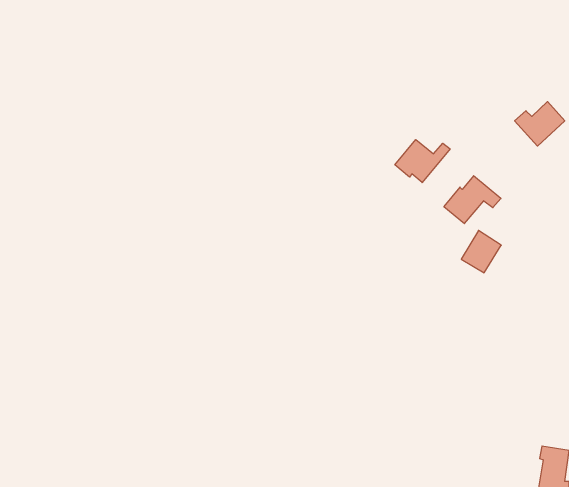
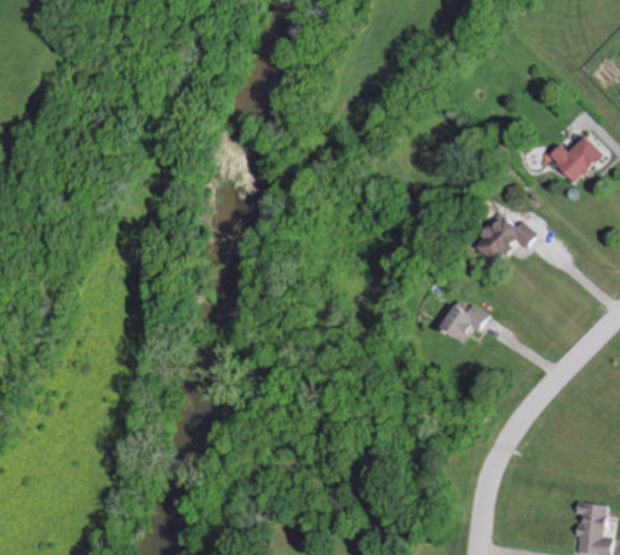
building: [395,140,450,183] -> none
building: [461,230,501,273] -> [441,299,483,344]

